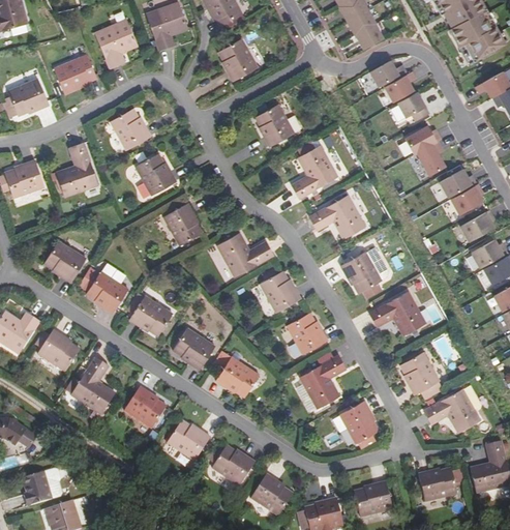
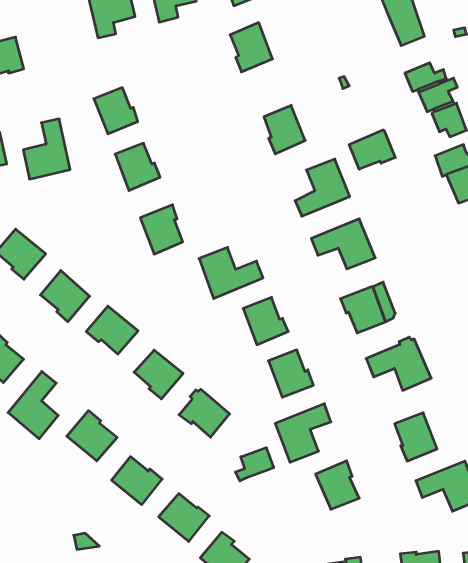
building: [54,57,96,96] -> none
building: none -> [349,130,395,169]
building: none -> [235,448,274,481]

